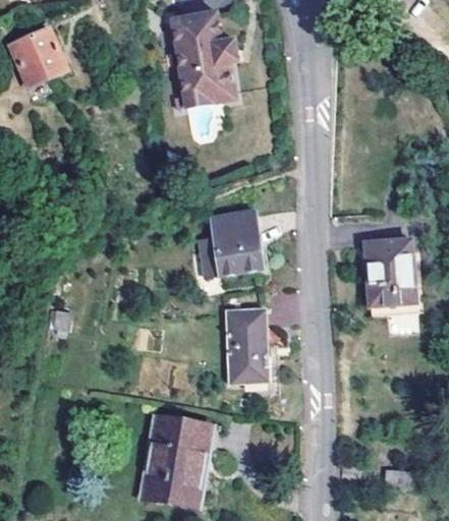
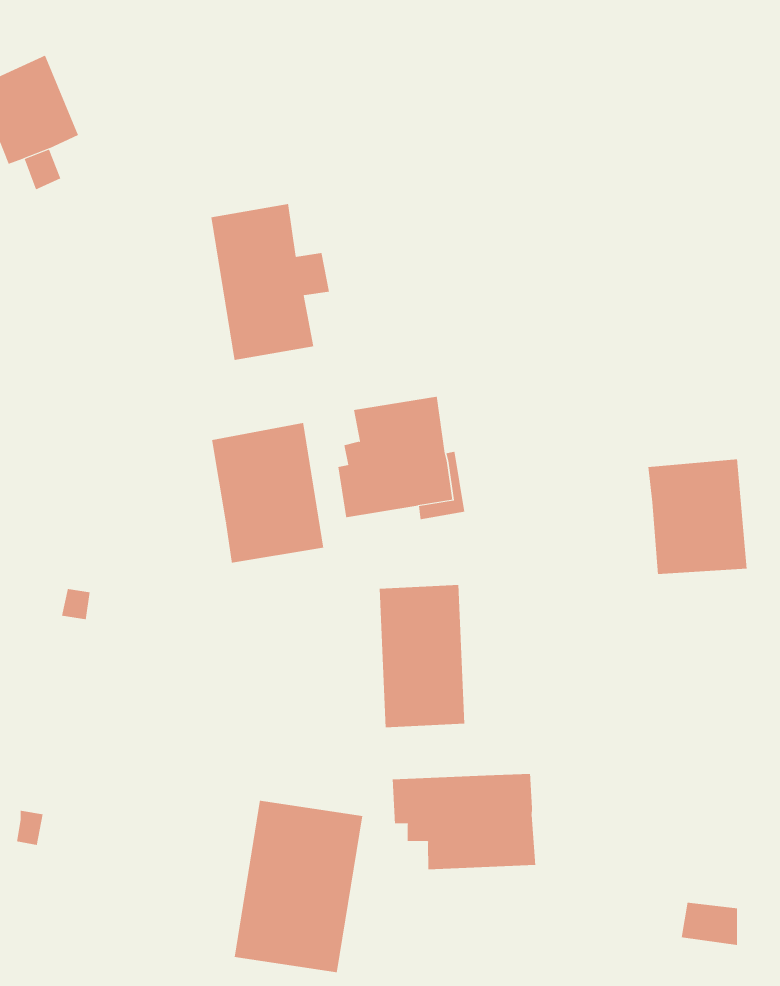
building: [172,13,234,95] -> [210,203,330,360]
building: none -> [211,422,324,564]
building: none -> [392,773,536,870]

